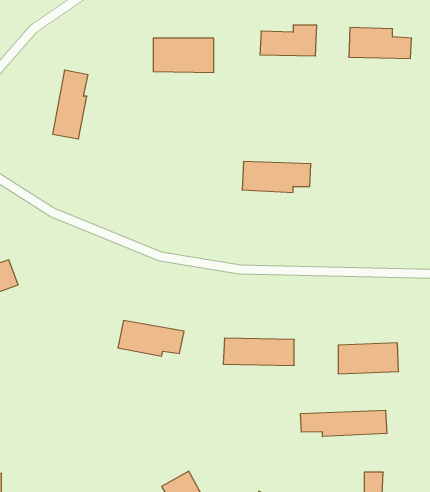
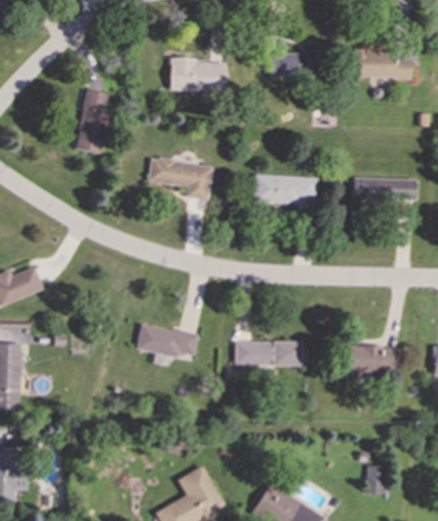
building: none -> [148,158,212,200]
building: none -> [354,179,416,202]
building: [300,410,387,437] -> none

